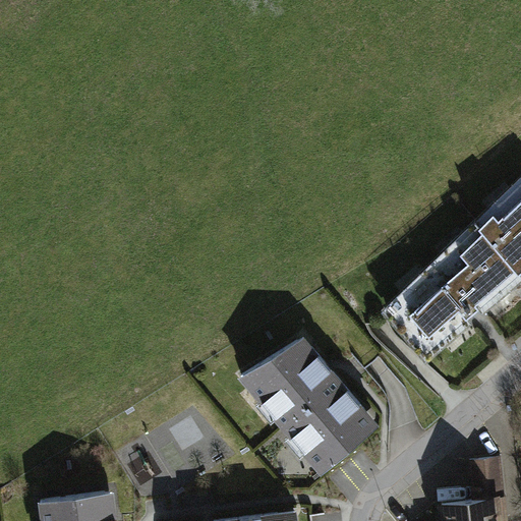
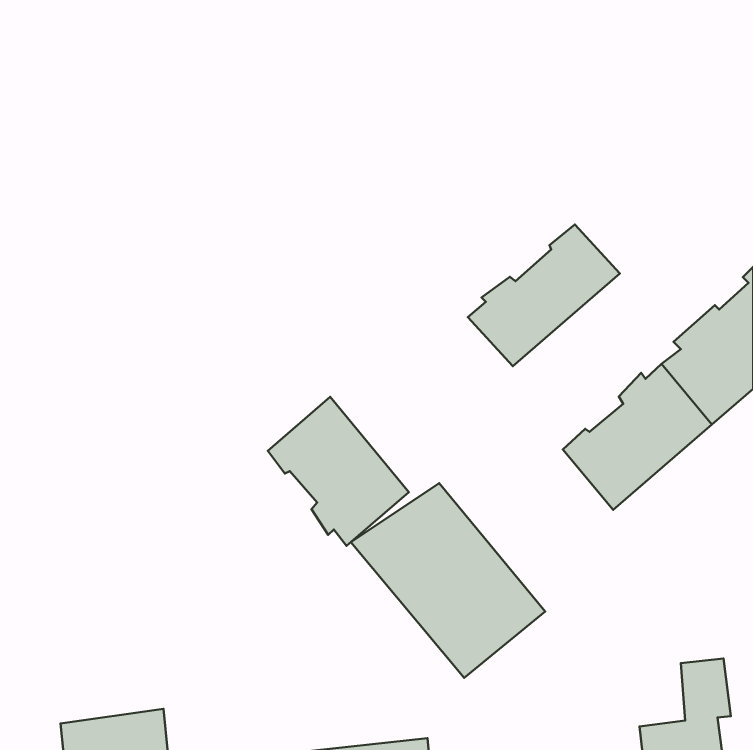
building: none -> [468,225,620,366]
building: none -> [268,397,409,546]

